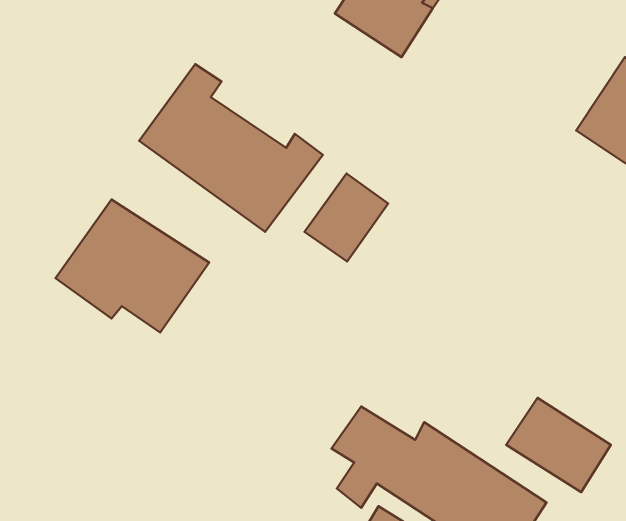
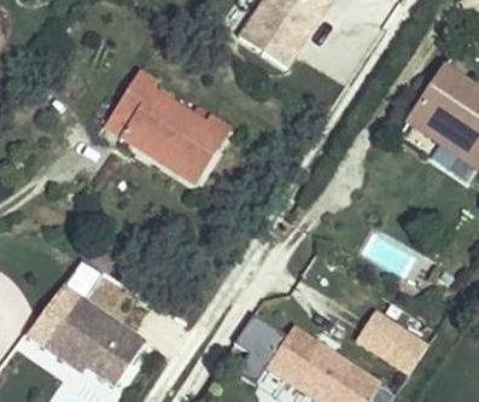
building: [304,174,388,261] -> none
building: [55,200,209,332] -> [42,291,148,383]

